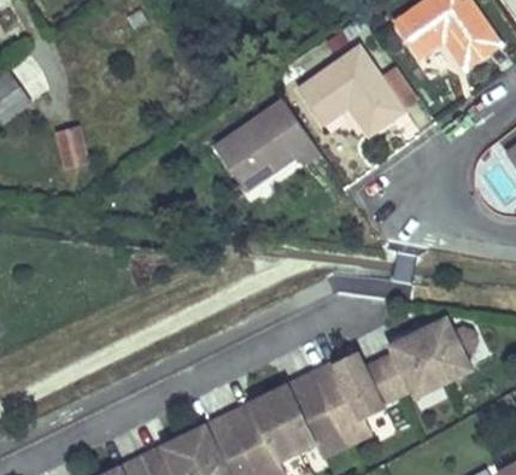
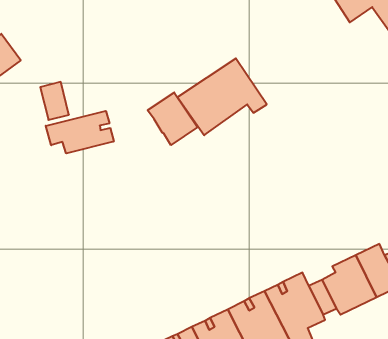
building: [297,47,414,134] -> none
building: none -> [148,92,197,145]
building: none -> [46,111,114,153]

